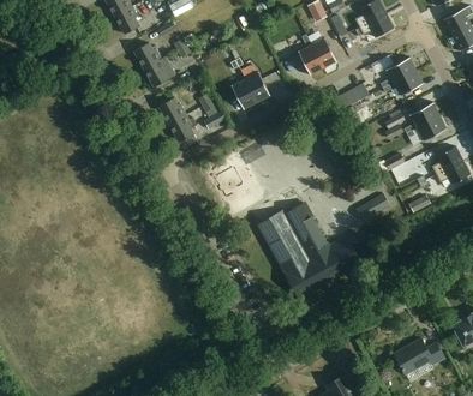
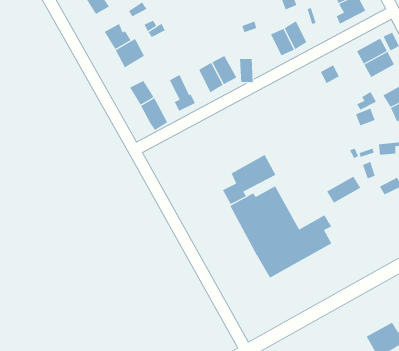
building: none -> [222,154,276,205]

